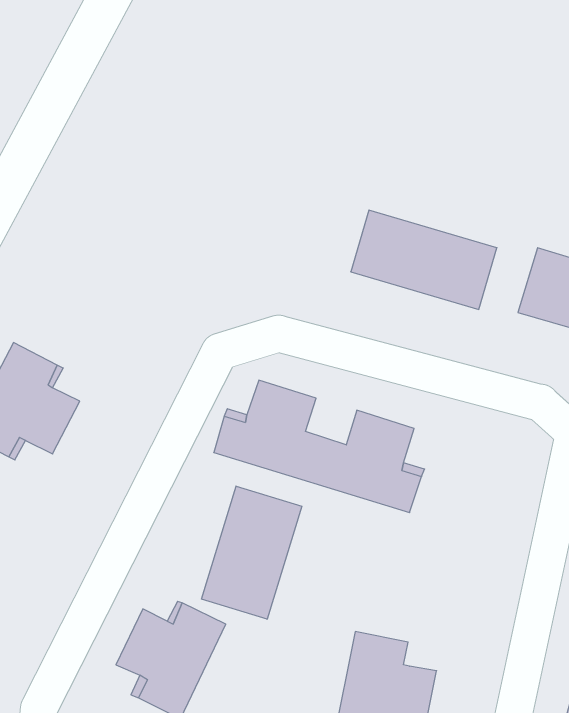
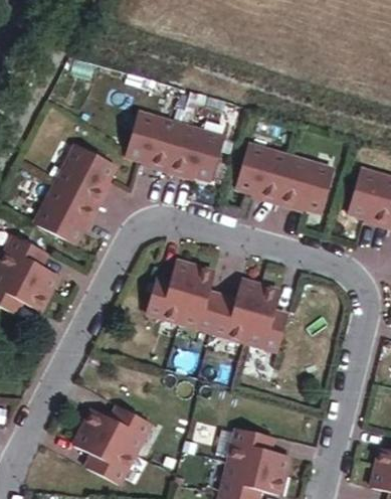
building: none -> [124,113,222,180]
building: none -> [30,141,112,242]
building: [201,486,302,619] -> none

